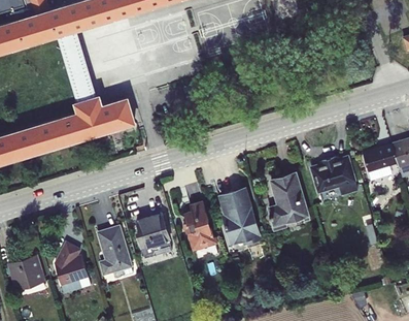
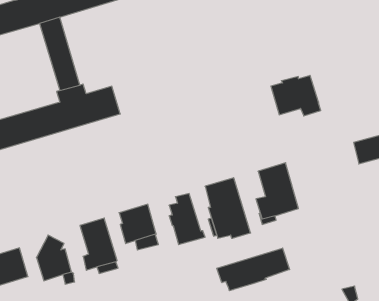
building: [310,157,359,196] -> [271,75,321,116]
building: none -> [217,248,290,291]

